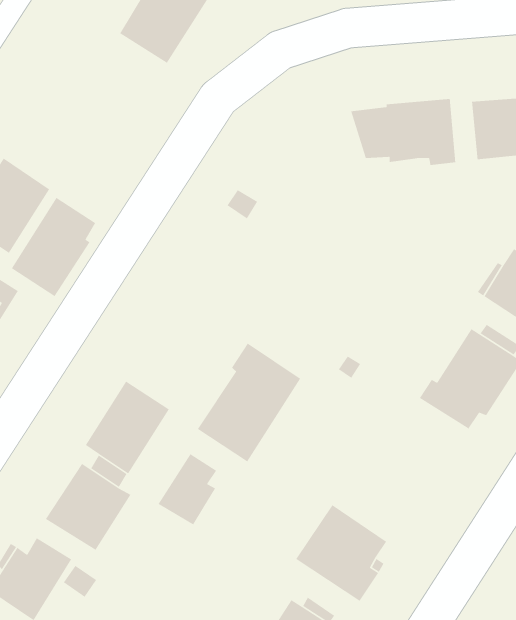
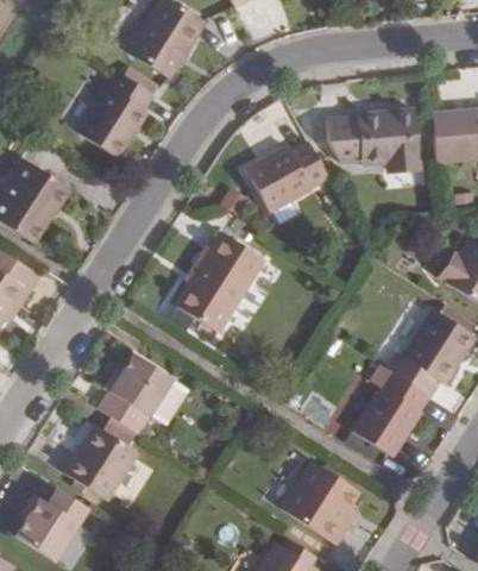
building: none -> [245,142,328,213]
building: [11,197,96,297] -> [78,73,152,159]
building: [197,343,301,462] -> [174,230,264,333]
building: none -> [352,366,428,457]
building: [158,453,217,525] -> none

